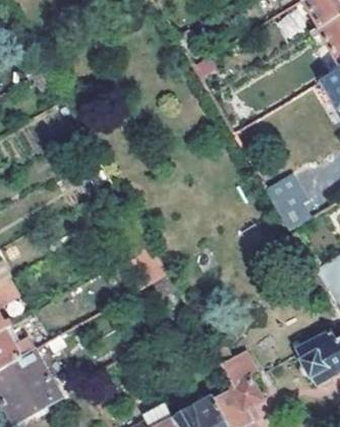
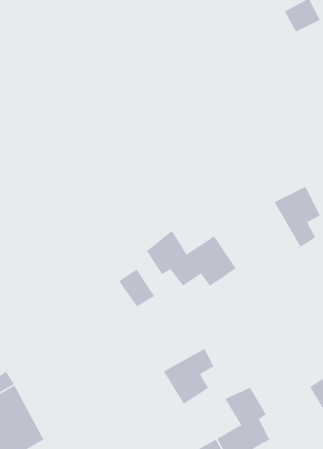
building: none -> [146,230,237,287]
building: none -> [163,348,214,405]

